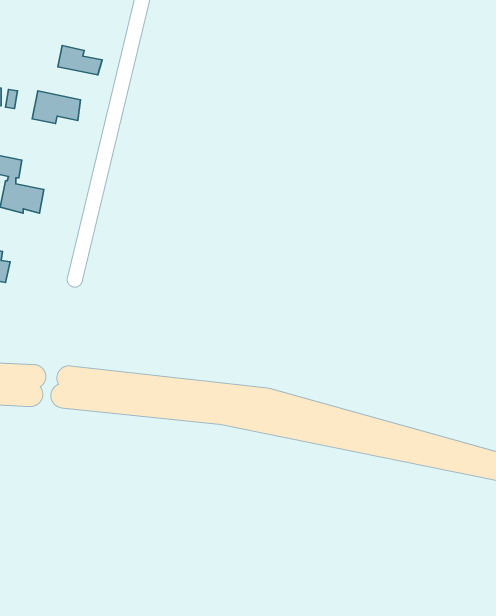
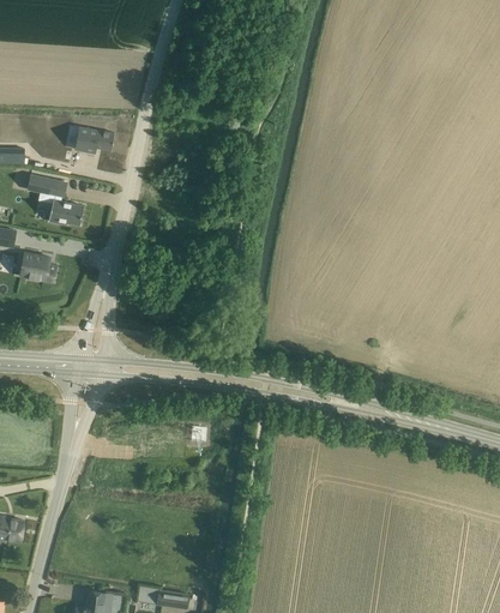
building: [58,46,102,75] -> none

